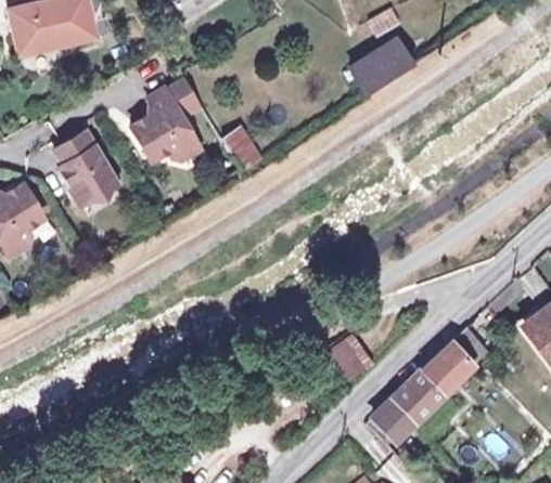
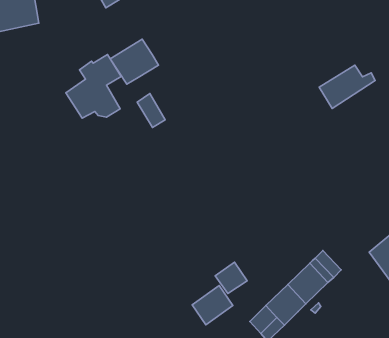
building: [351,38,423,93] -> [319,65,375,108]
building: none -> [110,39,158,84]
building: [55,130,116,204] -> none
building: none -> [192,285,233,325]

